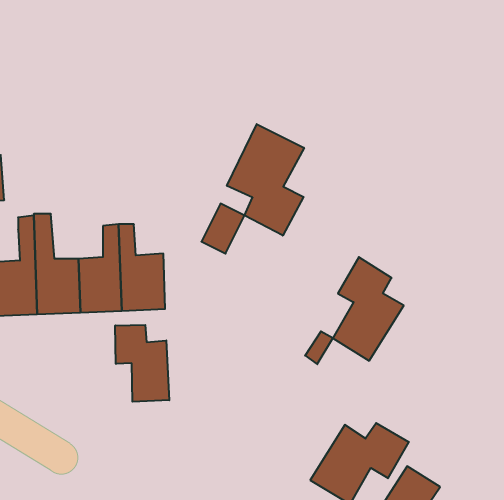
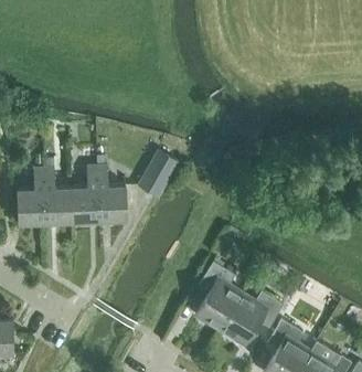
building: [227,124,304,236] -> none
building: [333,257,404,361] -> [195,263,241,329]
building: [115,325,169,402] -> none

